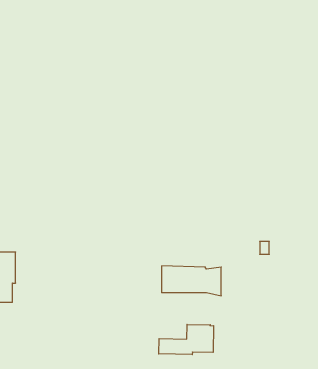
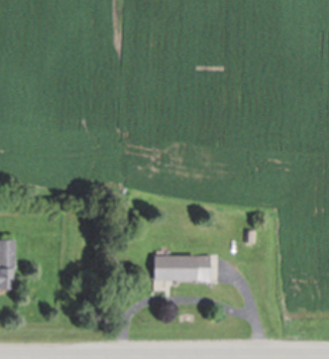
building: [159,324,214,355] -> none

